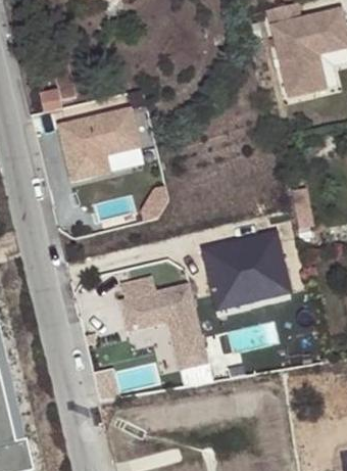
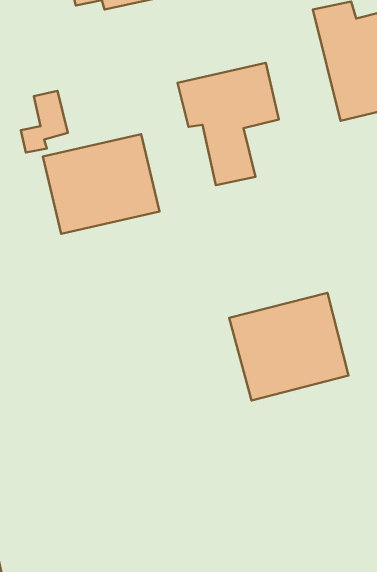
building: none -> [177,63,279,185]
building: [119,275,215,384] -> none

